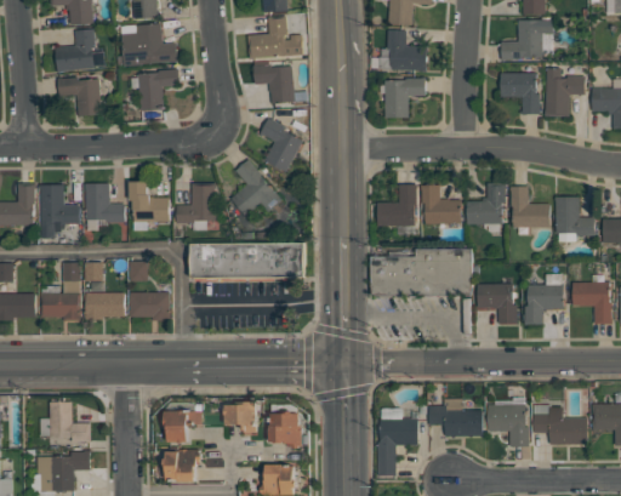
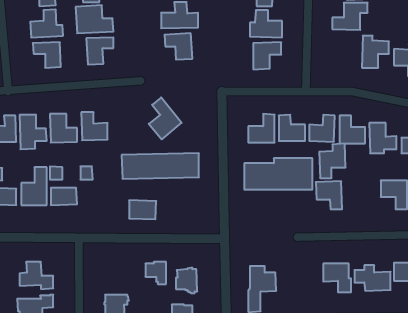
building: [500,73,539,114] -> none
building: [260,119,303,172] -> none
building: [176,184,217,230] -> none
building: [525,273,564,324] -> [319,144,346,178]
building: [130,291,170,319] -> [129,200,156,219]
building: [429,398,483,435] -> none
building: [166,409,201,441] -> none

